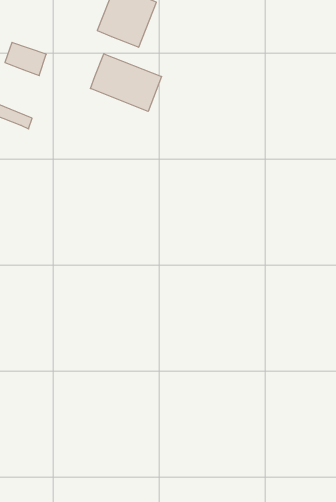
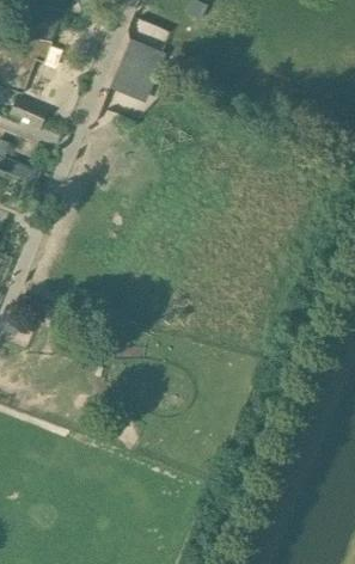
building: [90,54,162,111] -> none

